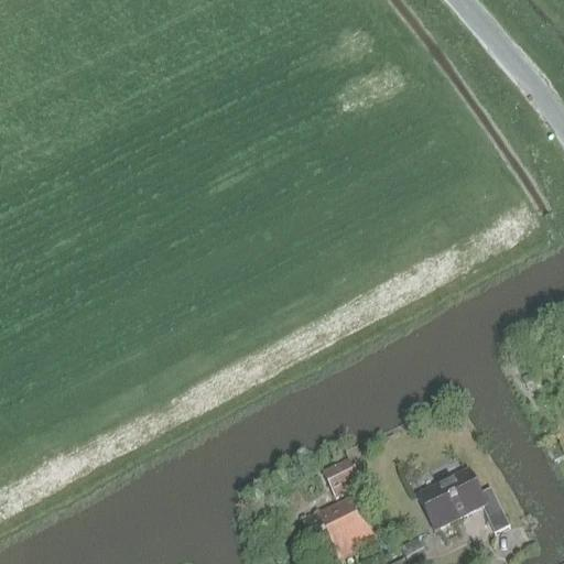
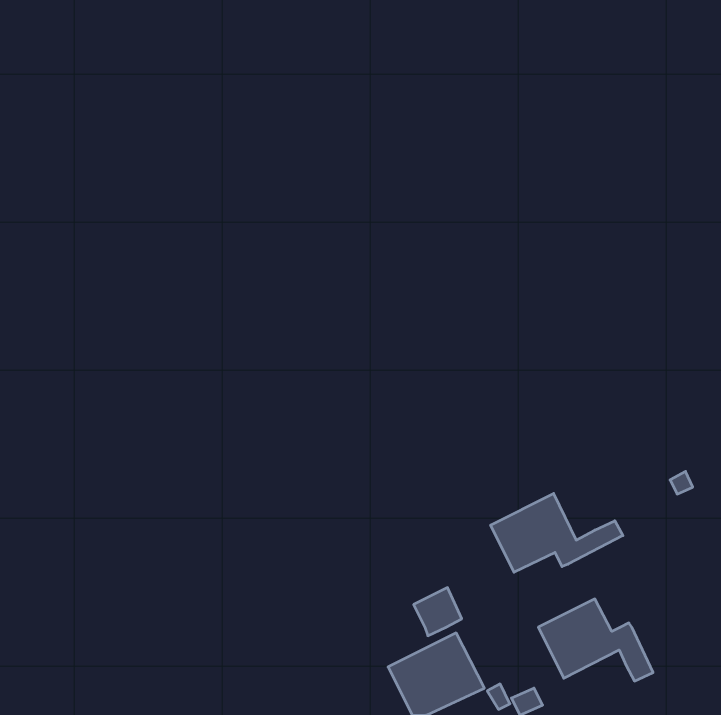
building: none -> [491,493,623,572]

